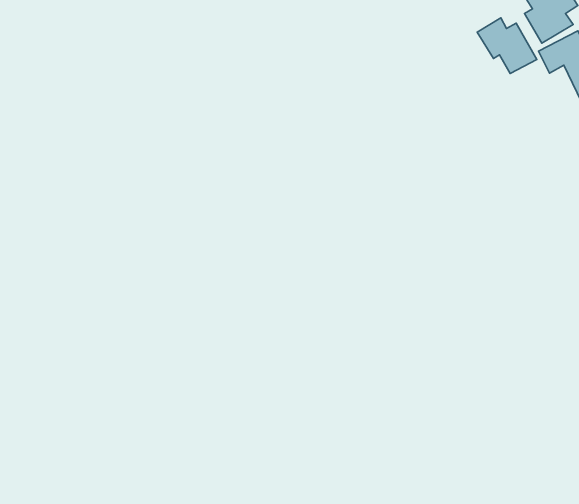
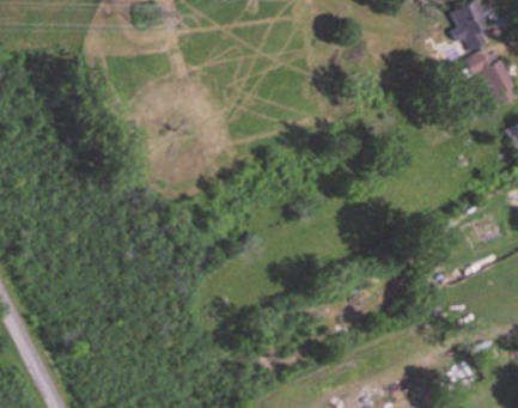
building: [477,18,537,73] -> none

